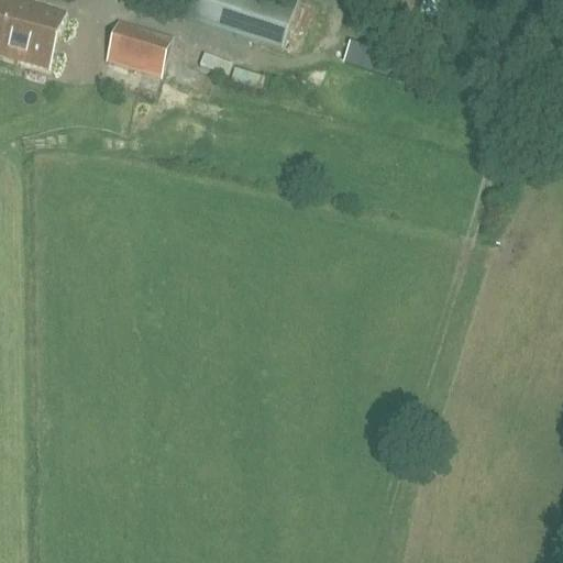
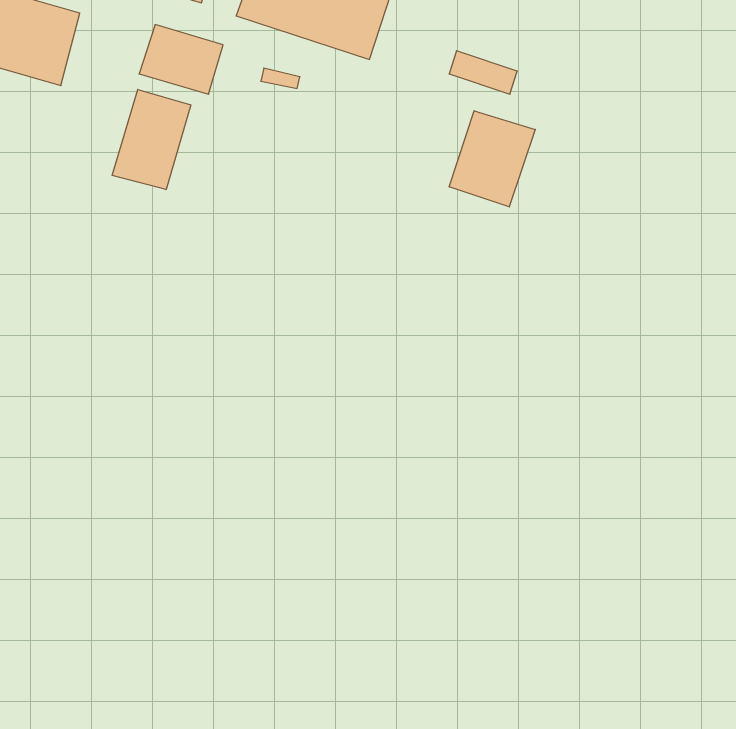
building: none -> [112,89,191,190]
building: none -> [449,111,535,207]

